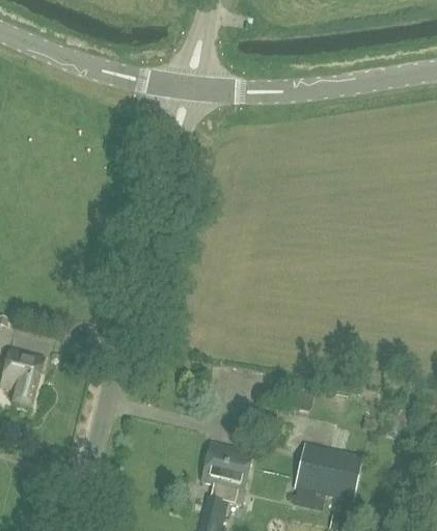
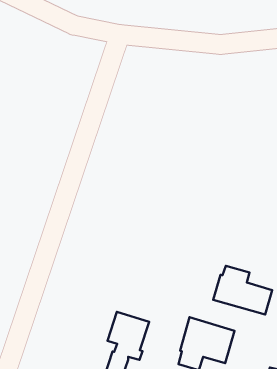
building: none -> [213,266,272,315]

